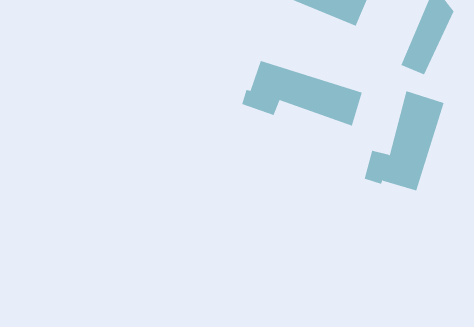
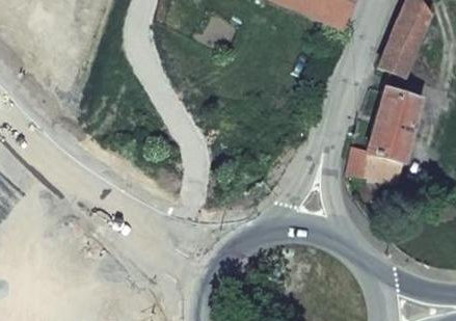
building: [241,60,363,127] -> none

